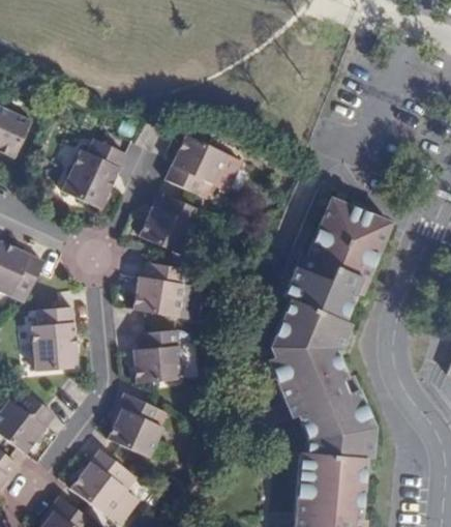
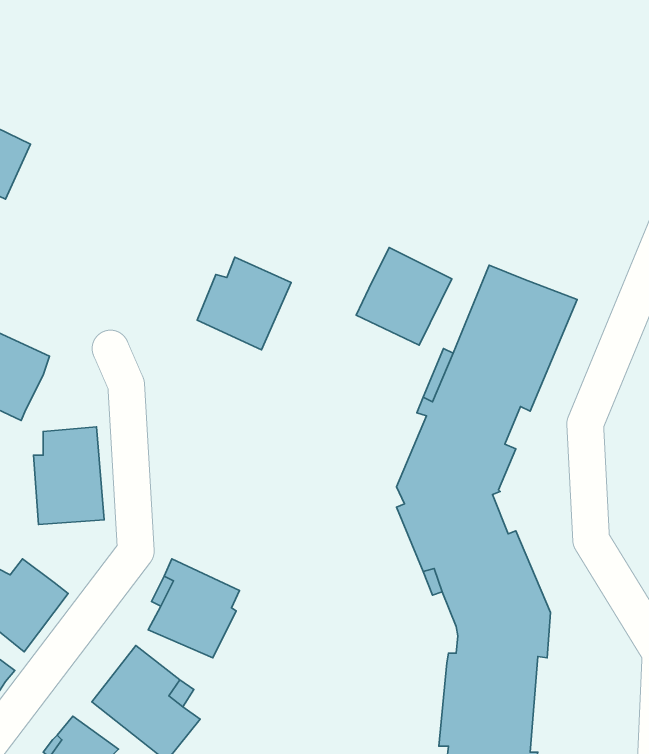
building: [163,135,227,199] -> [356,248,452,345]
building: [61,138,124,207] -> none
building: [131,263,199,318] -> none
building: [133,330,183,382] -> none

